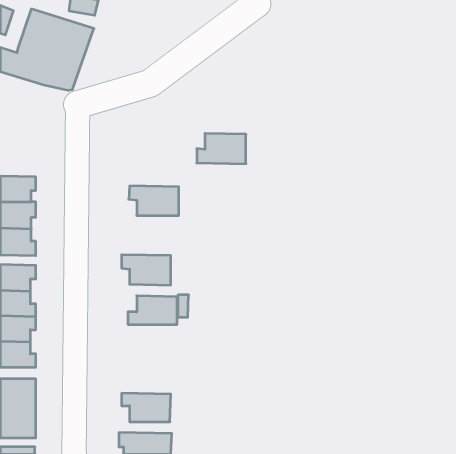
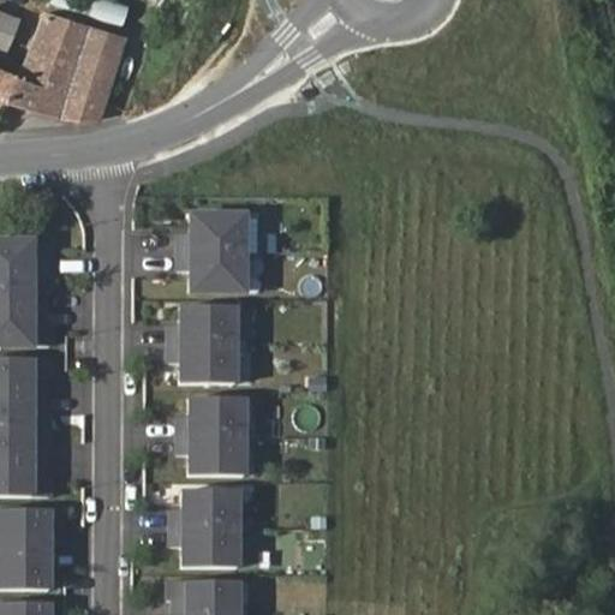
building: [197,133,246,164] -> [175,210,241,251]
building: none -> [165,303,232,344]
building: none -> [173,436,239,474]
building: none -> [165,491,231,530]

